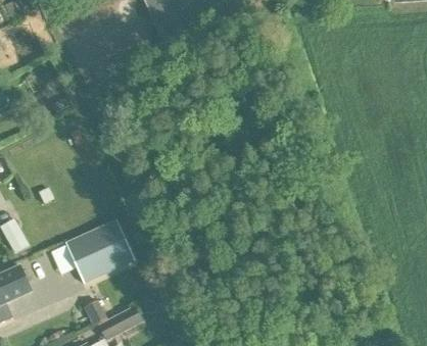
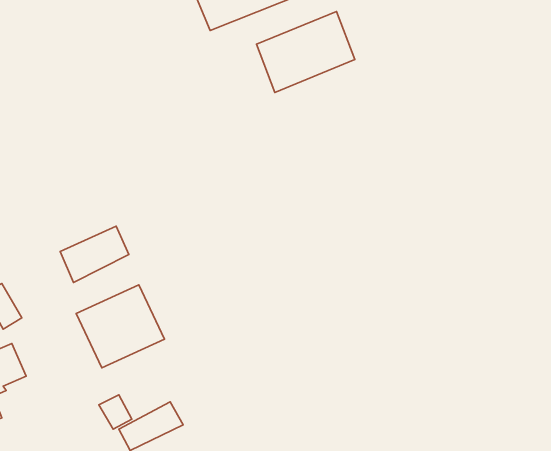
building: none -> [256,11,355,92]
building: none -> [60,226,129,283]

